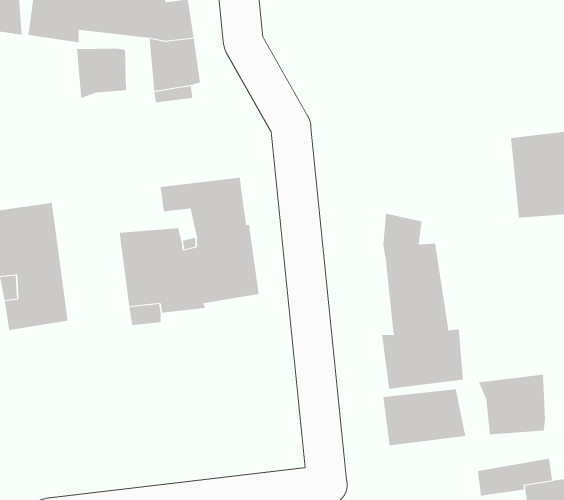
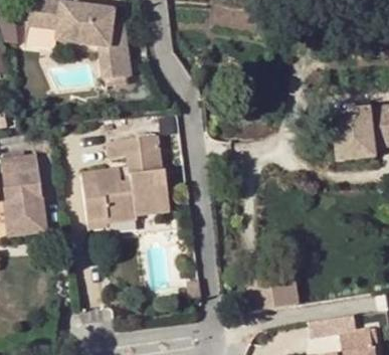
building: [76,48,127,99] -> none
building: [381,213,464,389] -> none
building: [478,374,545,435] -> none

